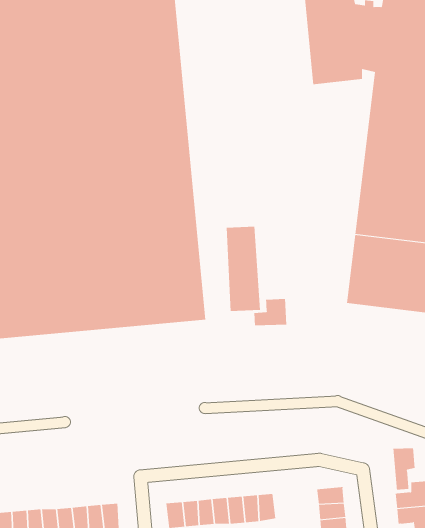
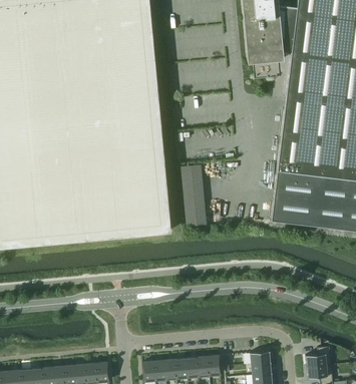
building: [254,298,287,326] -> none
building: [393,447,415,491] -> none

